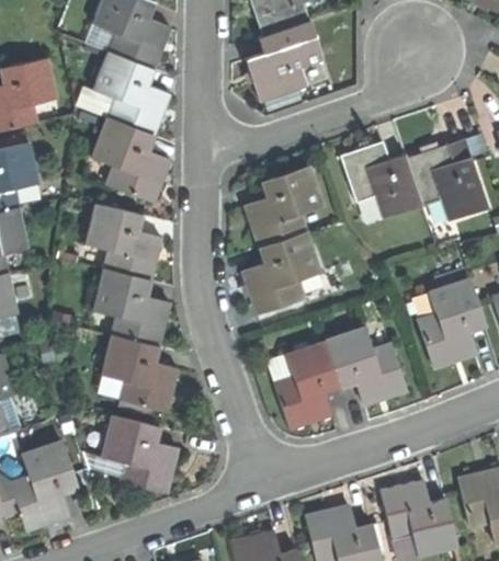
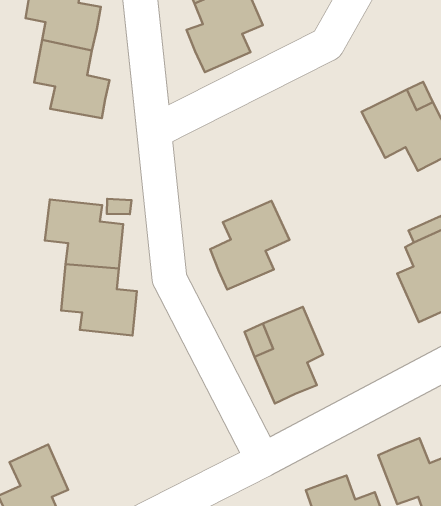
building: [95,117,169,201] -> none
building: [341,141,422,220] -> none
building: [248,168,322,248] -> none
building: [325,328,402,404] -> none
building: [99,332,177,410] -> none
building: [103,412,177,491] -> none

